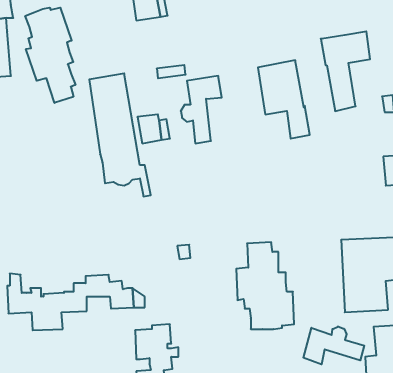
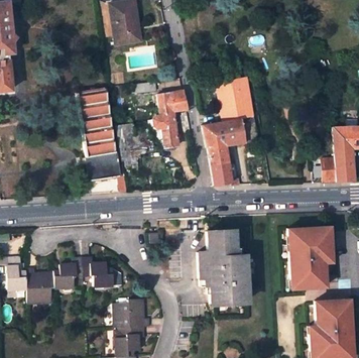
building: [25,8,75,103] -> none
building: [321,31,370,111] -> [203,120,244,187]
building: [303,326,364,364] -> none

